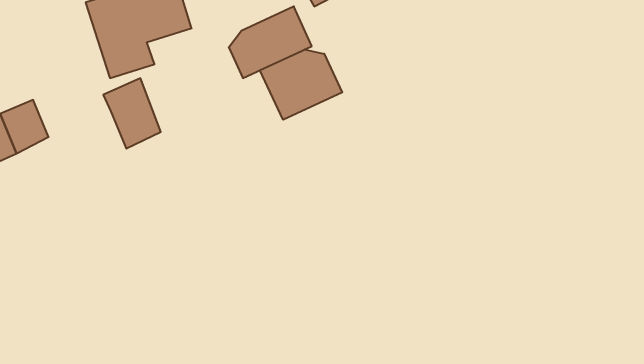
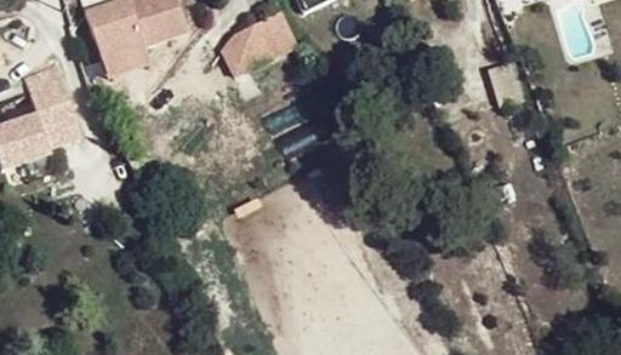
building: [260,49,342,120] -> none
building: [103,78,161,149] -> [29,69,84,136]

